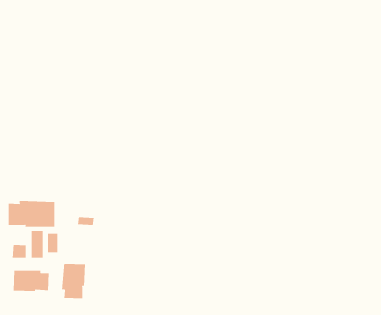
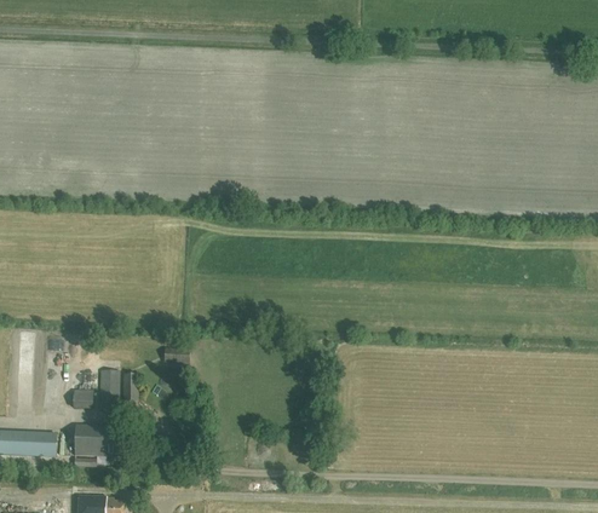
building: [8,200,55,228] -> none
building: [62,263,85,299] -> none

